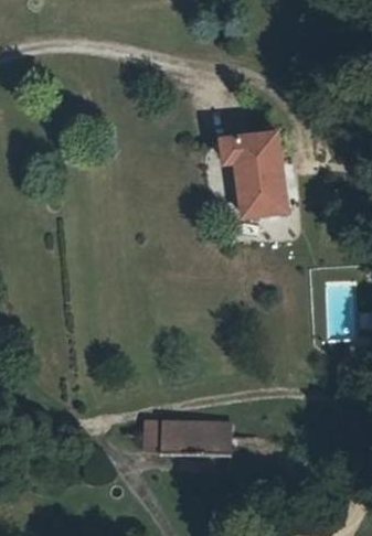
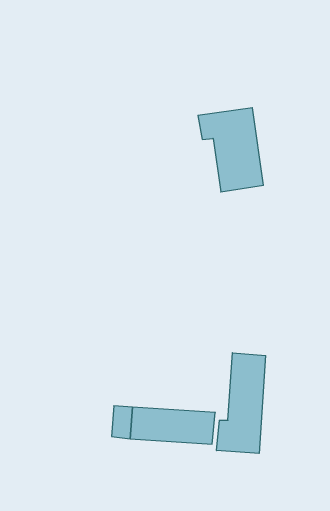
building: none -> [217,353,266,453]

